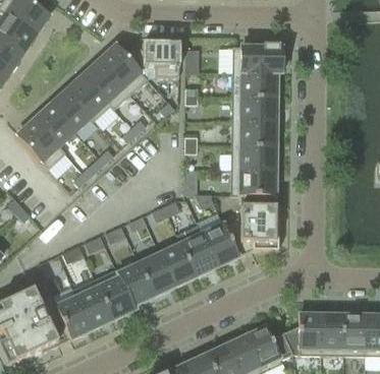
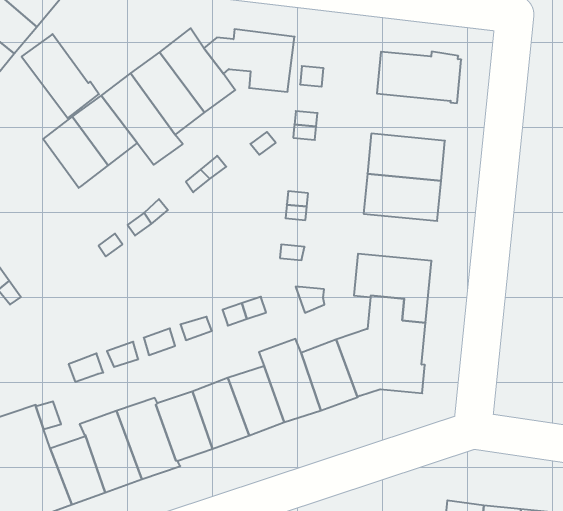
building: [232,71,278,96] -> none
building: [17,118,66,168] -> [22,34,99,118]
building: [231,144,277,169] -> none

